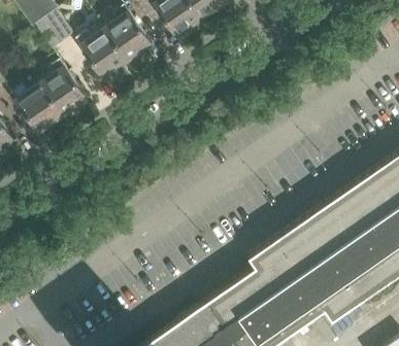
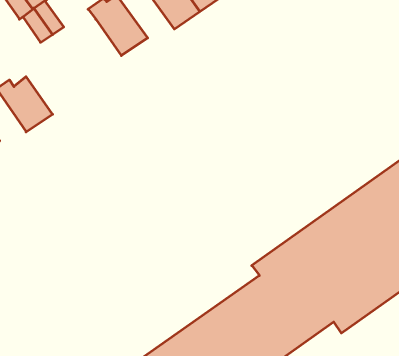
building: [76,29,128,79] -> none
building: [39,60,88,117] -> none

